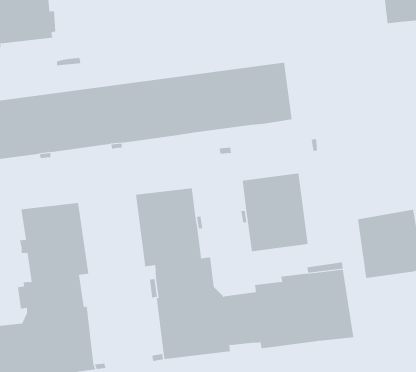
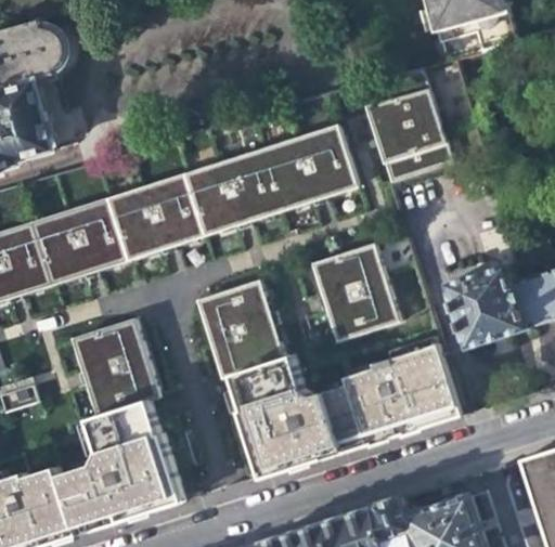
building: none -> [359,69,451,184]

